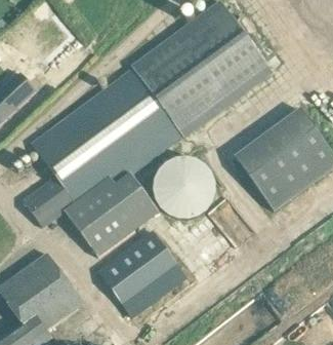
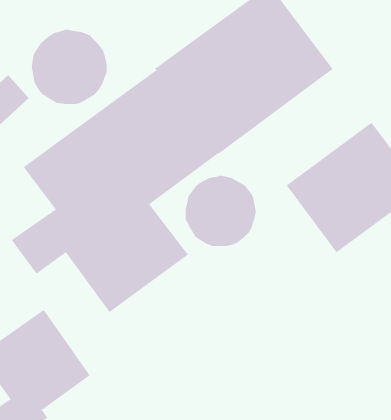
building: none -> [31,29,107,105]
building: [95,230,186,319] -> none

